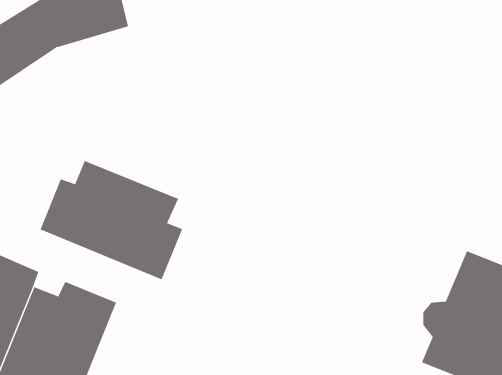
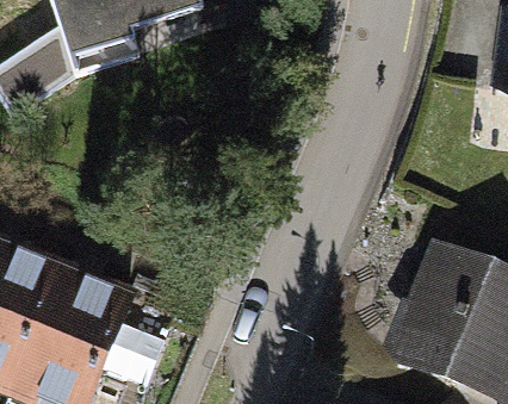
building: [40,160,183,280] -> none

